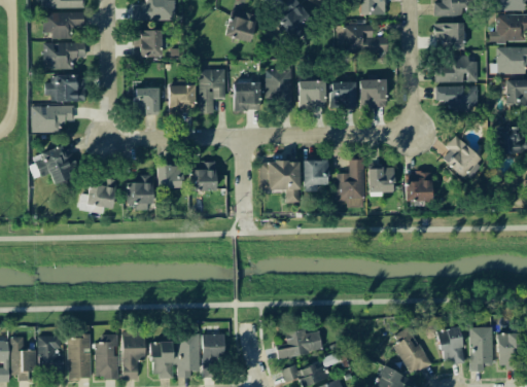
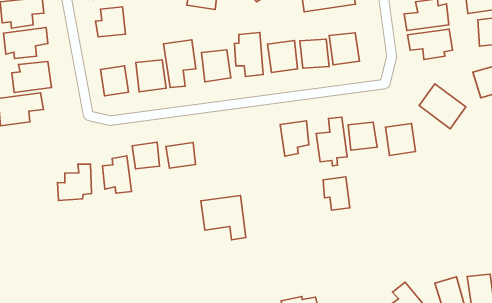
building: [34,147,73,184] -> none
building: [259,161,300,203] -> [201,196,246,240]
building: none -> [323,177,350,210]

